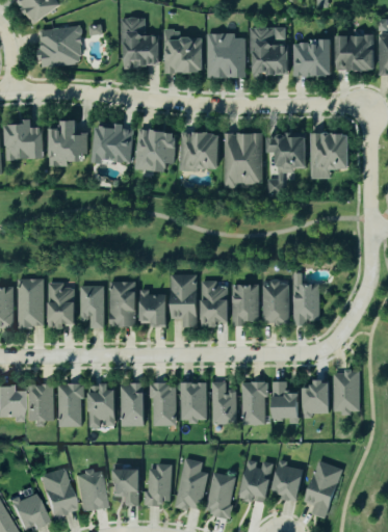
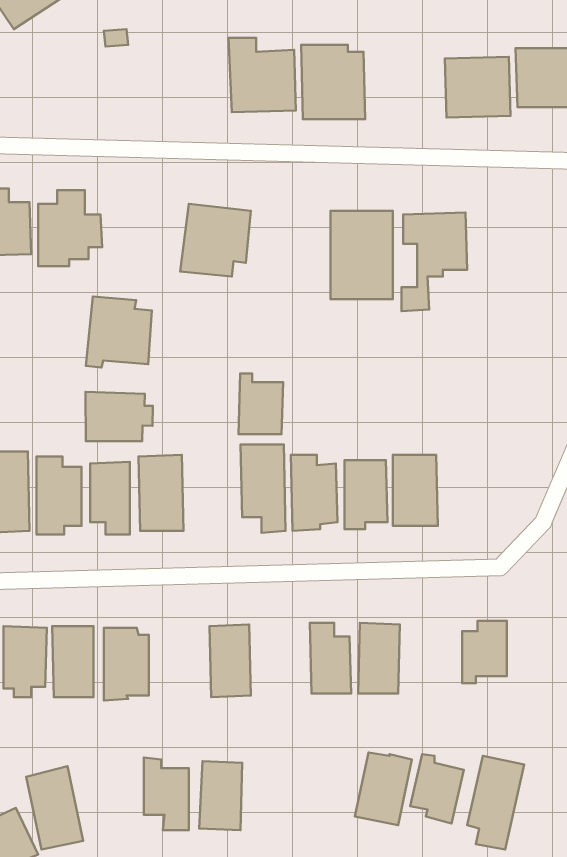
building: [121,17,159,68] -> none
building: [37,26,81,68] -> none
building: [249,27,287,77] -> none
building: [93,122,132,164] -> [86,297,152,368]
building: [179,132,219,171] -> none
building: [309,133,351,179] -> none
building: none -> [85,392,153,441]
building: [292,271,318,324] -> none
building: [139,288,166,324] -> [238,374,283,434]
building: [333,368,360,411] -> none
building: [271,379,300,417] -> none
building: [120,381,145,425] -> none
building: [179,381,206,420] -> none
building: [174,456,207,510] -> none
building: [76,469,106,510] -> none
building: [204,471,235,516] -> none

